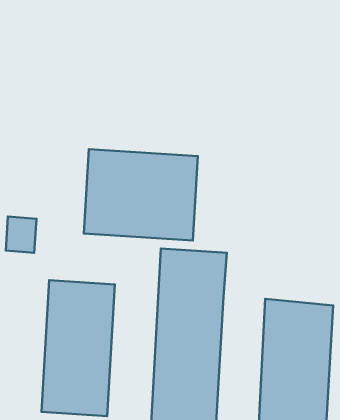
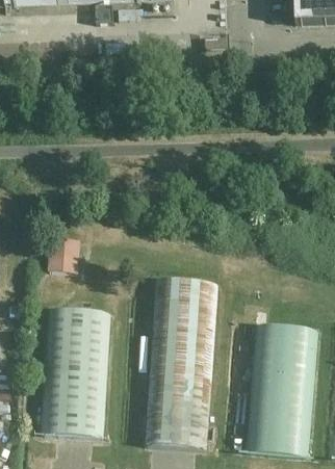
building: [84,149,198,241] -> none
building: [6,217,36,253] -> [50,238,79,272]

